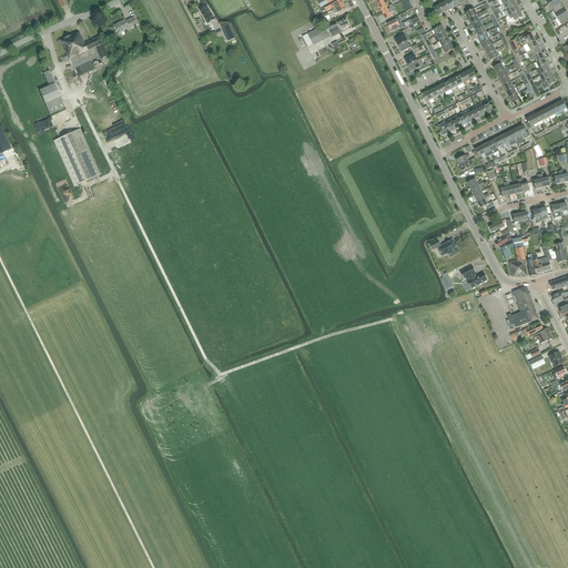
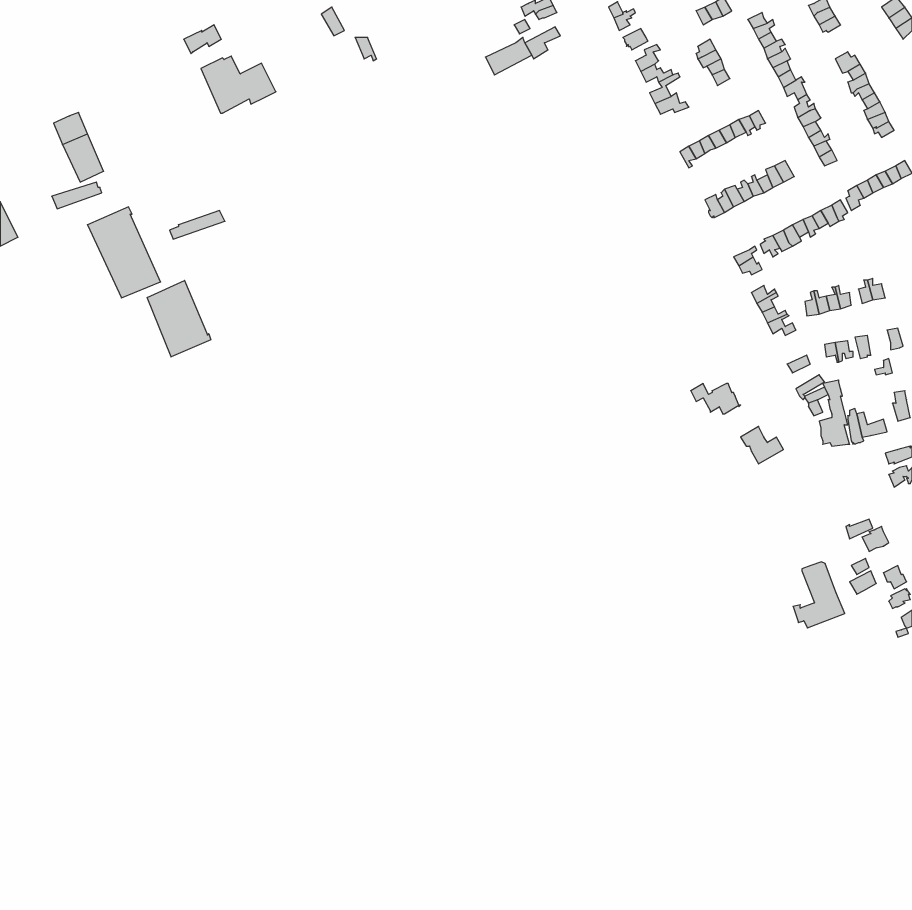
building: [61,32,108,68] -> [201,56,276,113]
building: none -> [147,280,211,357]
building: [507,286,539,327] -> [793,562,845,628]

